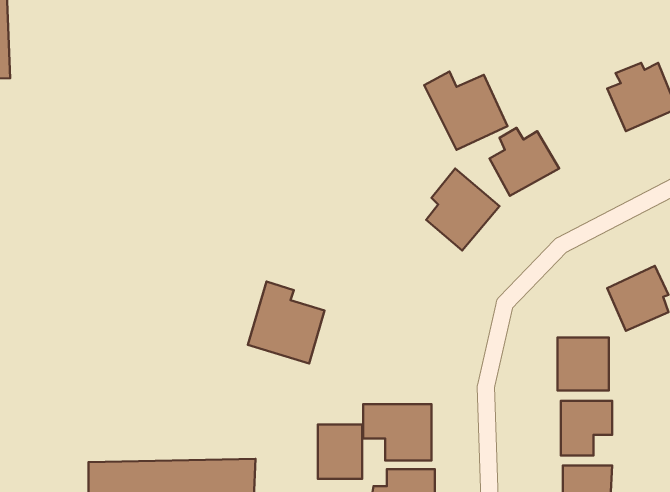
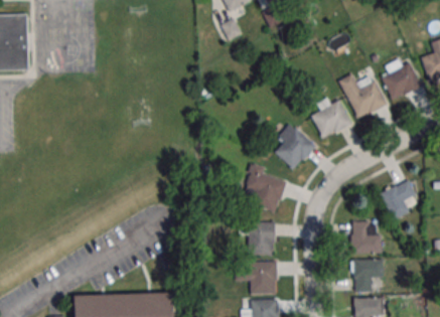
building: [424,71,508,150] -> [338,72,388,119]
building: [248,282,325,363] -> [240,163,285,211]
building: [318,424,362,479] -> [248,221,274,254]

